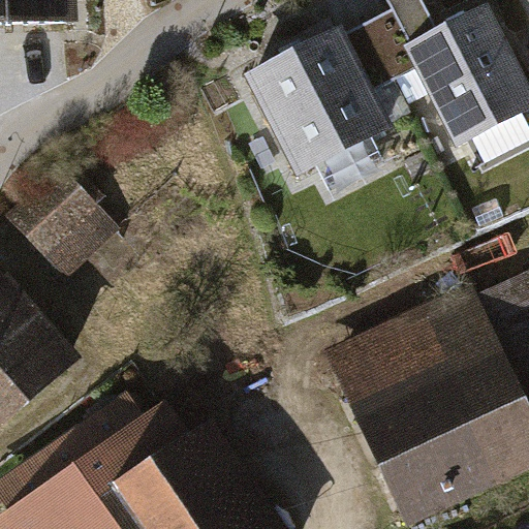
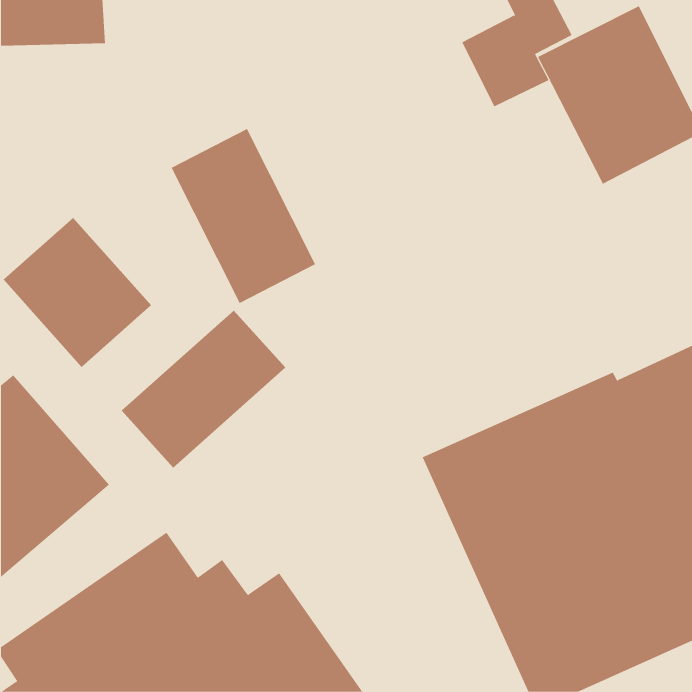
building: [246,27,390,170] -> none
building: none -> [171,128,316,304]
building: none -> [121,310,286,468]

